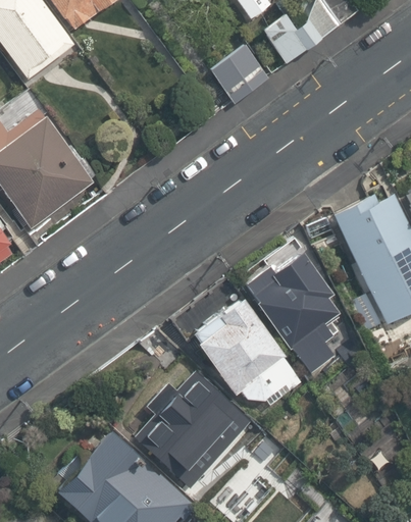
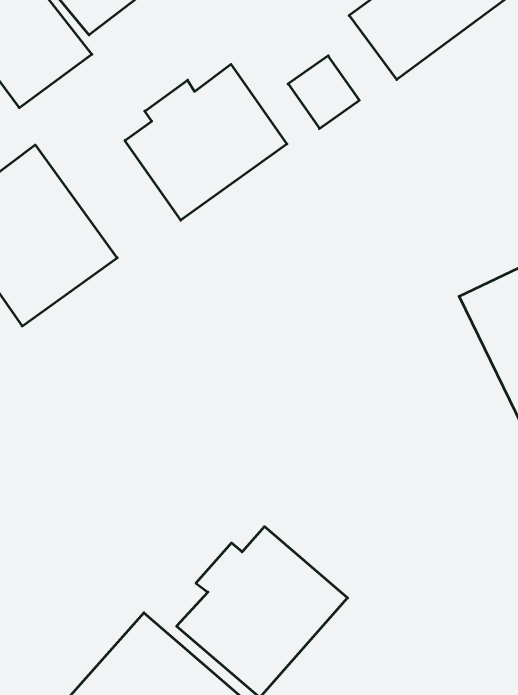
building: none -> [125,64,287,220]
building: [247,248,348,375] -> none
building: [195,295,307,408] -> none

